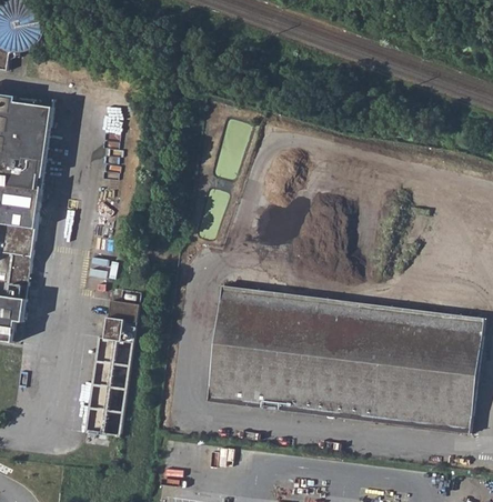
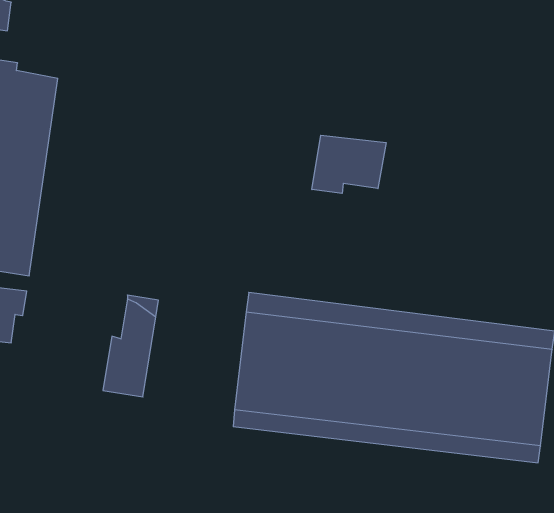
building: none -> [312,135,386,193]
building: [85,369,127,424] -> none

